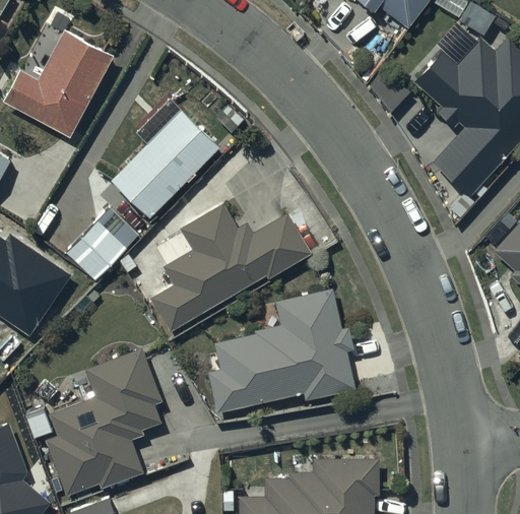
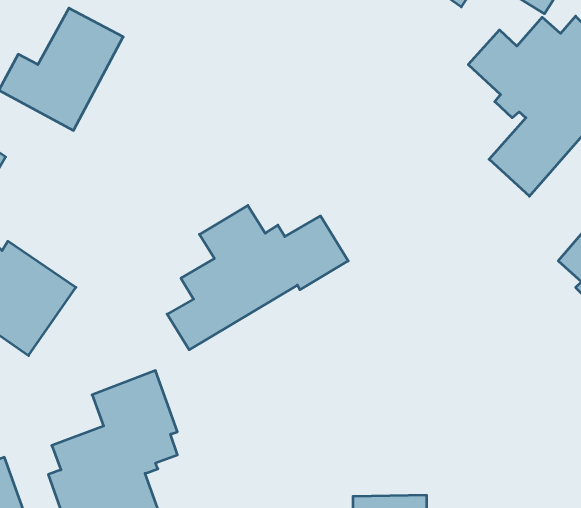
building: [112,95,219,217] -> none
building: [66,207,139,281] -> none
building: [209,291,354,412] -> none

